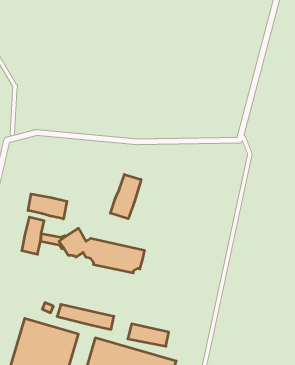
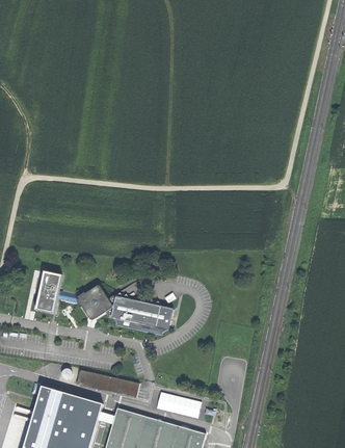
building: [110,174,141,219] -> none
building: [28,194,67,219] -> none

